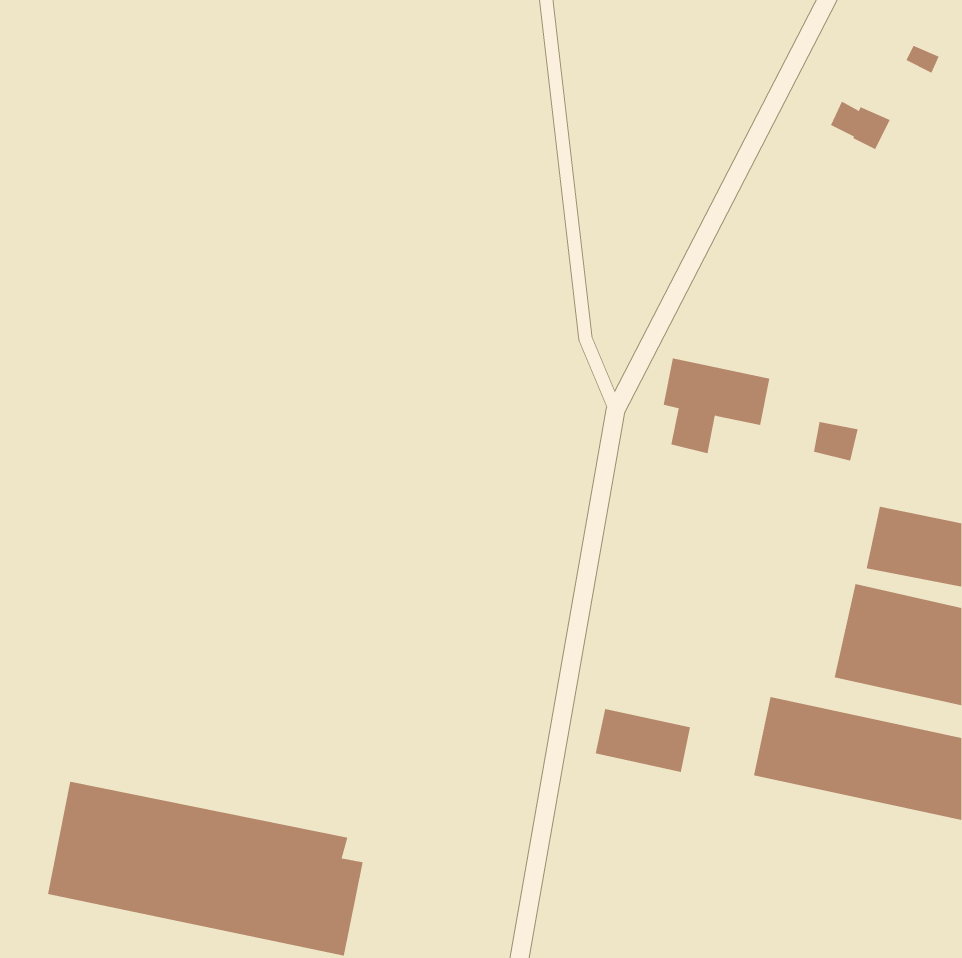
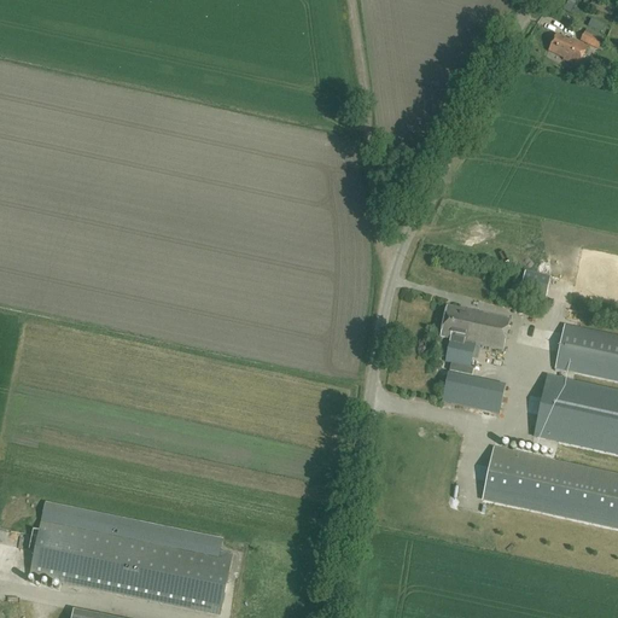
building: [830,101,890,150] -> [549,33,588,64]
building: [663,358,770,454] -> [441,303,509,365]
building: [595,708,691,772] -> [443,371,505,412]

